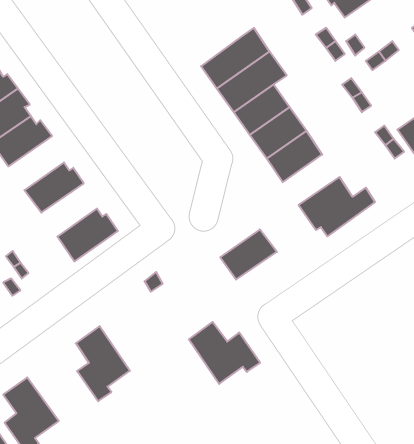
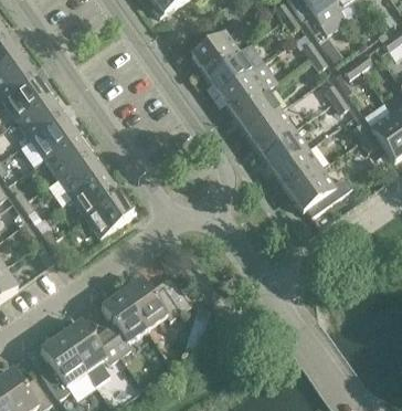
building: none -> [190,29,237,74]
building: none -> [43,133,89,178]
building: none -> [71,172,117,217]
building: [220,229,277,280] -> [273,148,320,190]
building: [189,322,260,384] -> [119,277,179,329]
building: none -> [59,320,118,381]

